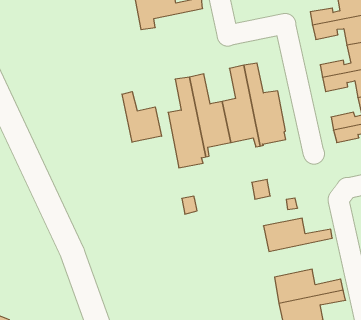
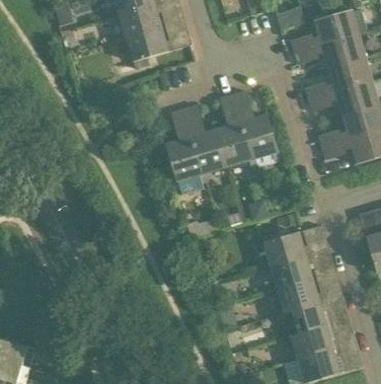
building: [122,92,162,142] -> none
building: none -> [272,247,332,288]

